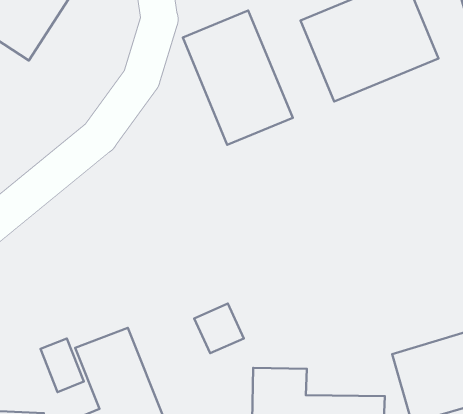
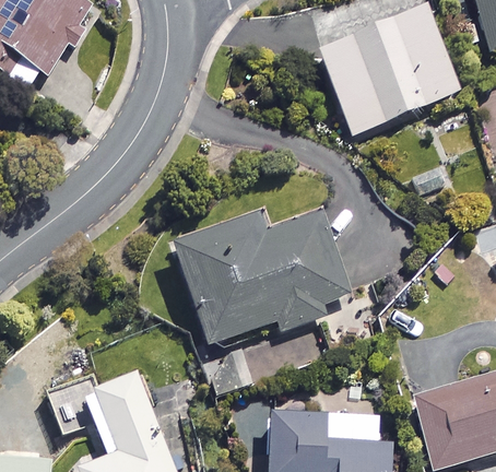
building: [183,11,293,145] -> none
building: none -> [170,205,351,344]

